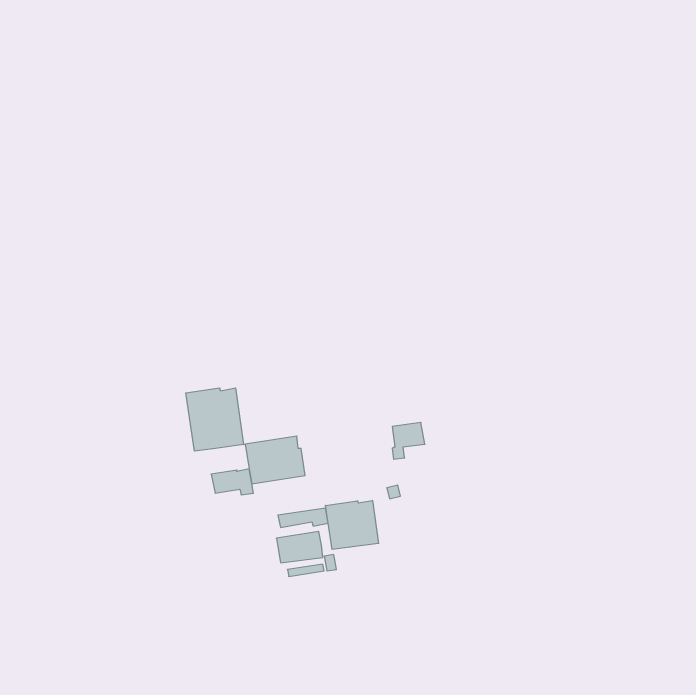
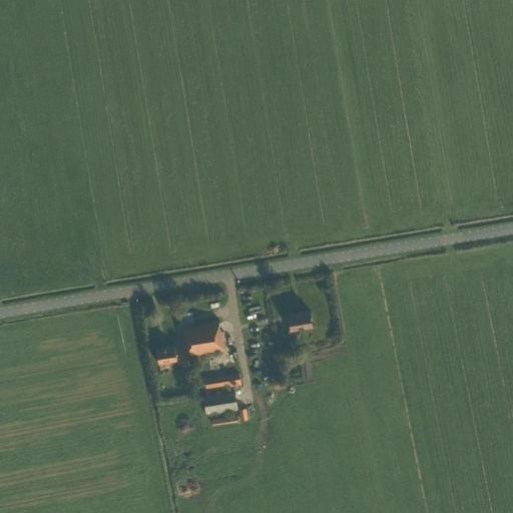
building: [186,388,244,451] -> none
building: [326,500,379,549] -> none

